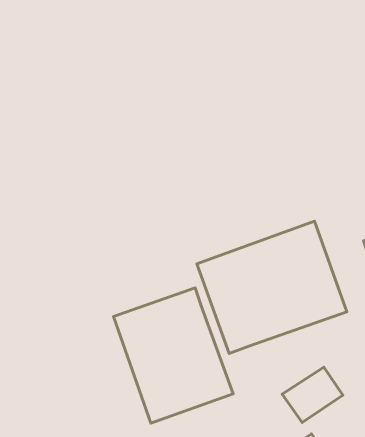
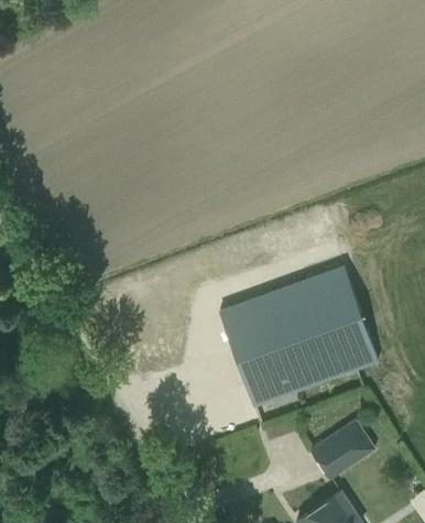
building: [114,288,233,423] -> none

